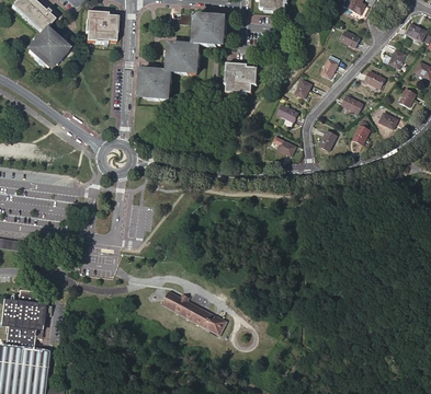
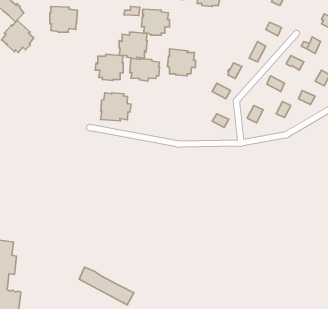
building: none -> [130,58,159,81]
building: none -> [100,93,131,121]
building: [161,290,226,335] -> [79,267,134,305]

